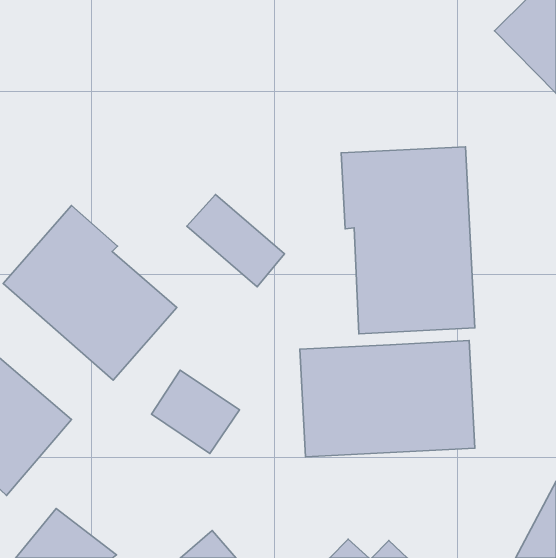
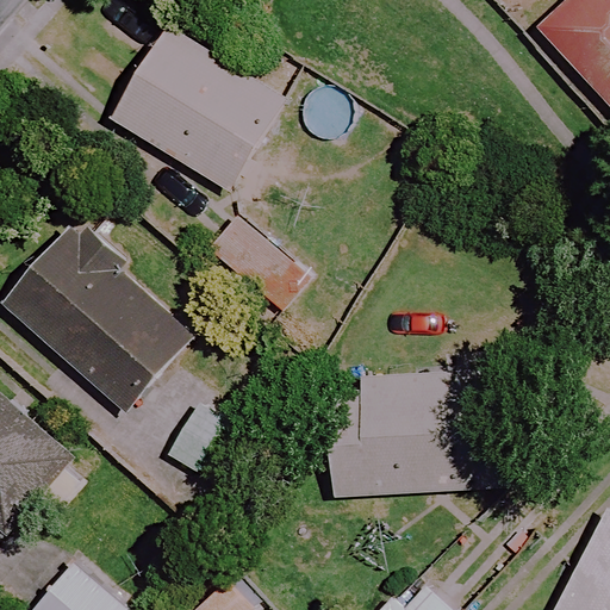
building: none -> [111,27,282,189]
building: [341,147,475,334] -> none

